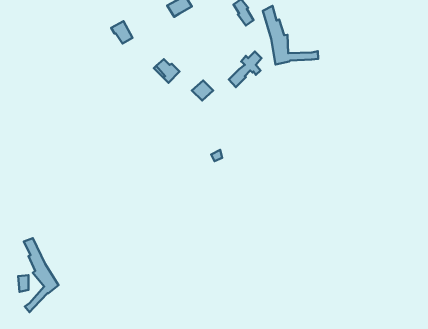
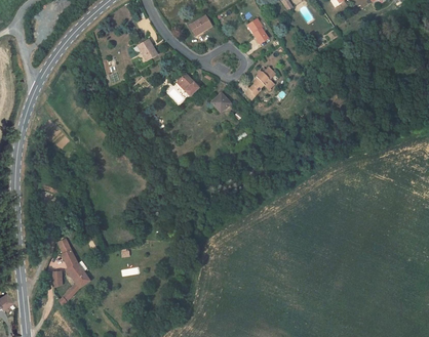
building: [263,6,318,65] -> none

